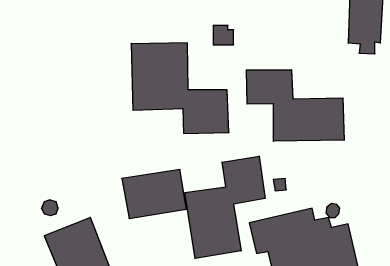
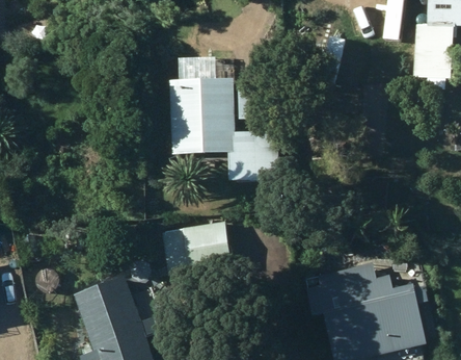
building: [246,70,344,141] -> none
building: [185,156,265,259] -> none

